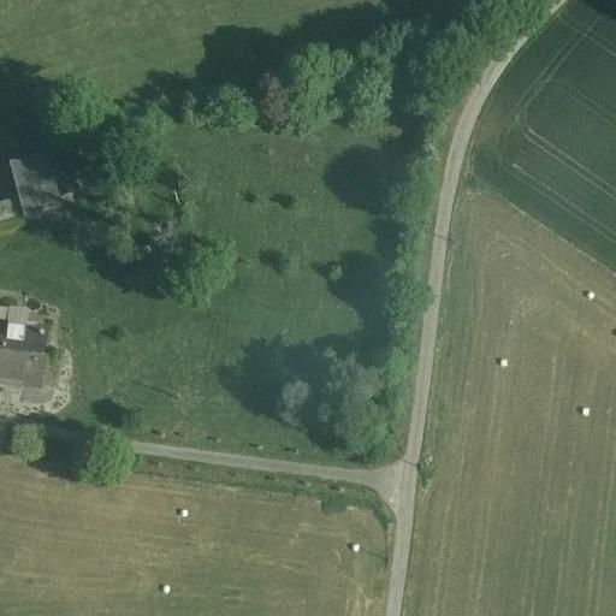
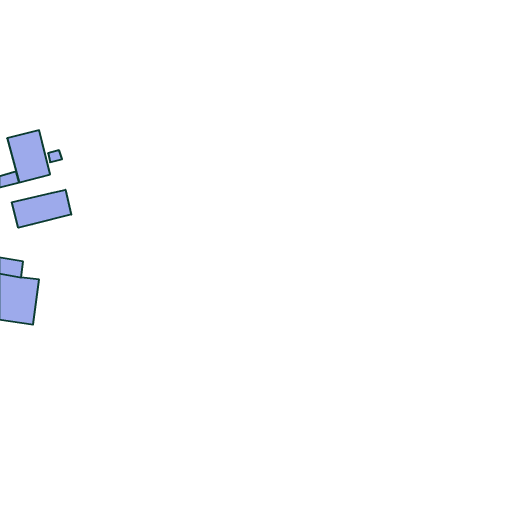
building: none -> [12,190,71,228]

